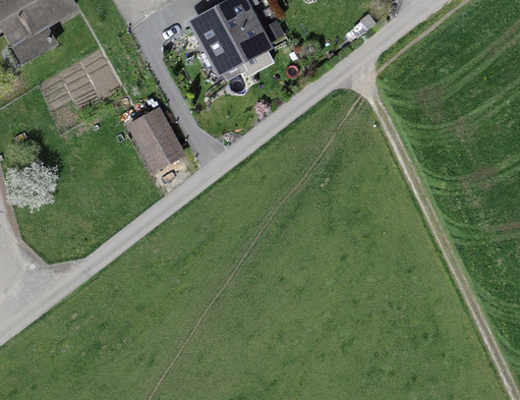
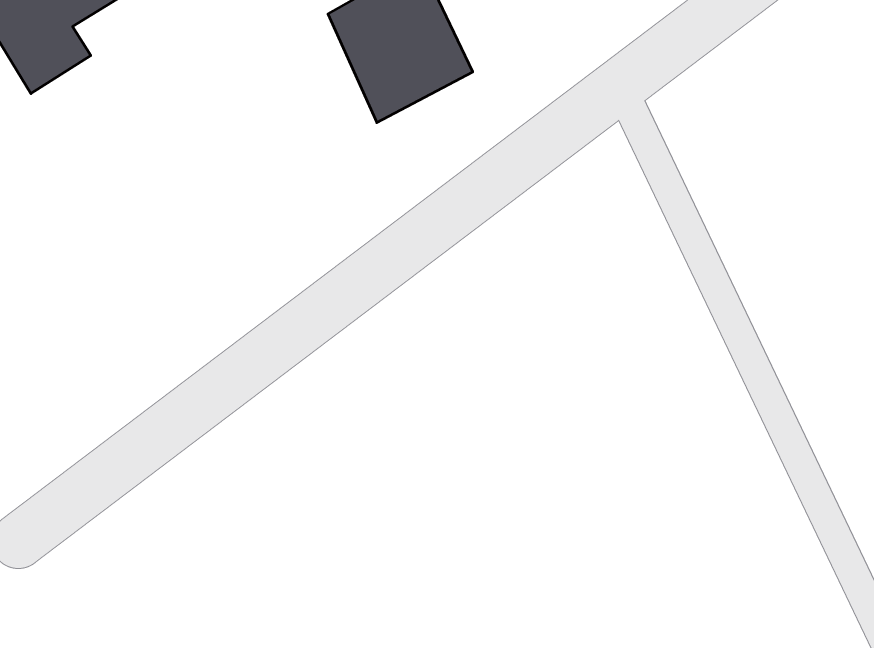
building: [124,104,185,171] -> none

